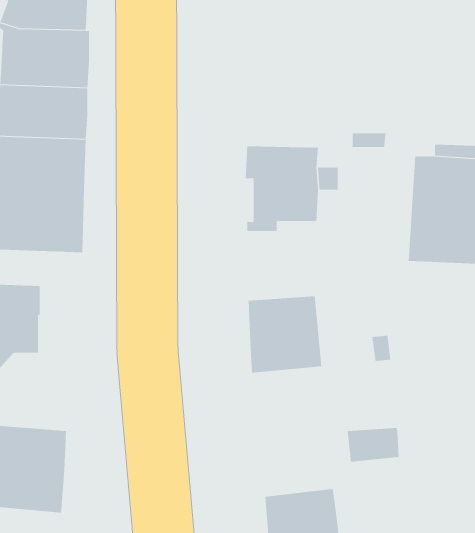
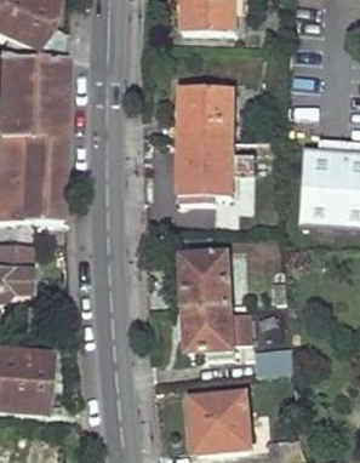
building: none -> [182,87,235,143]
building: none -> [185,304,255,360]

